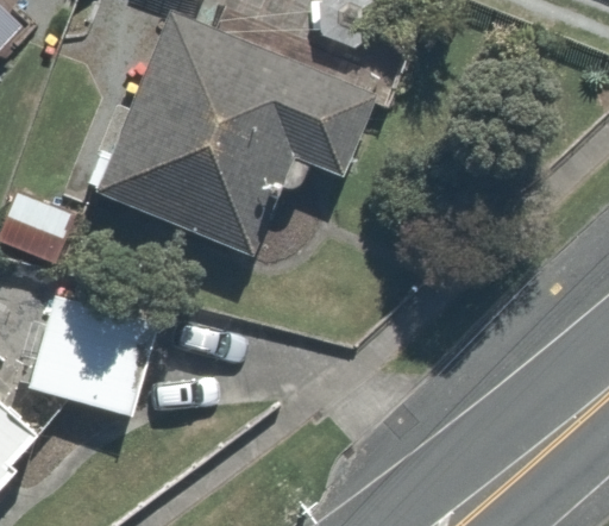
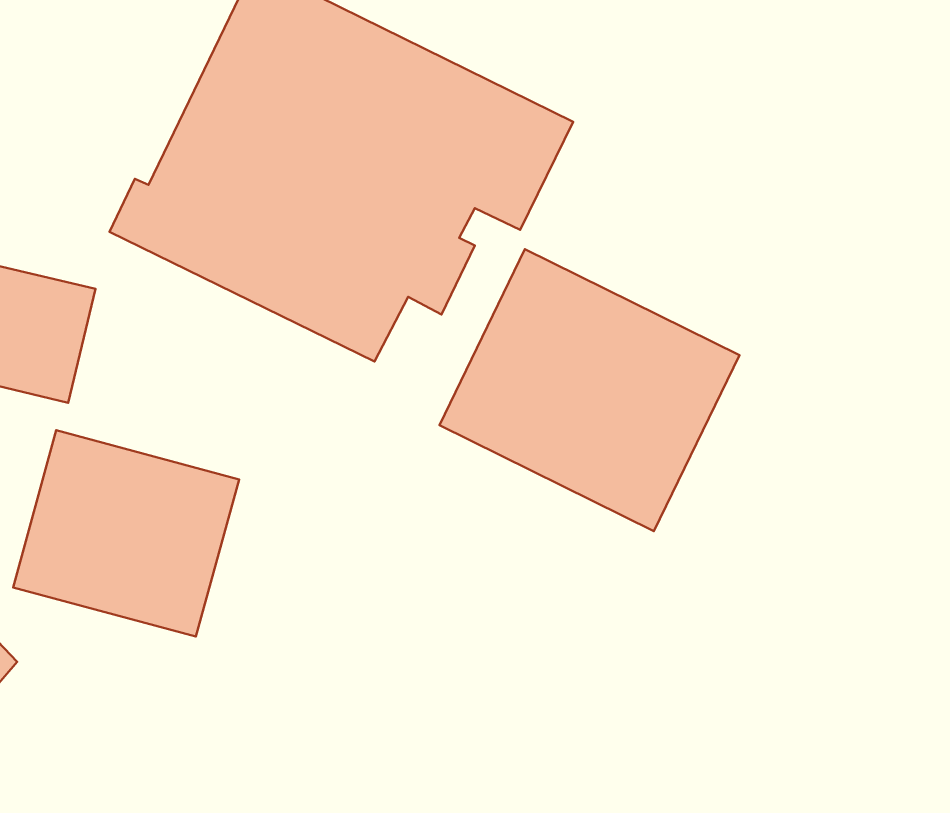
building: none -> [439,249,740,531]

